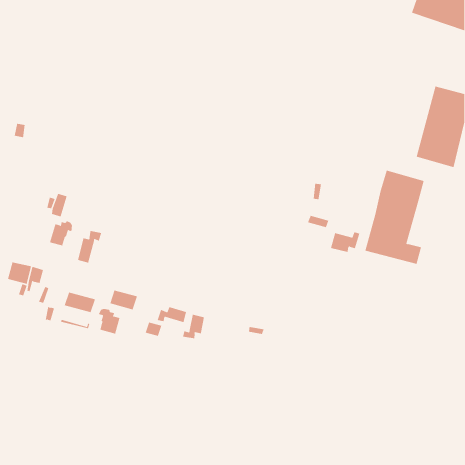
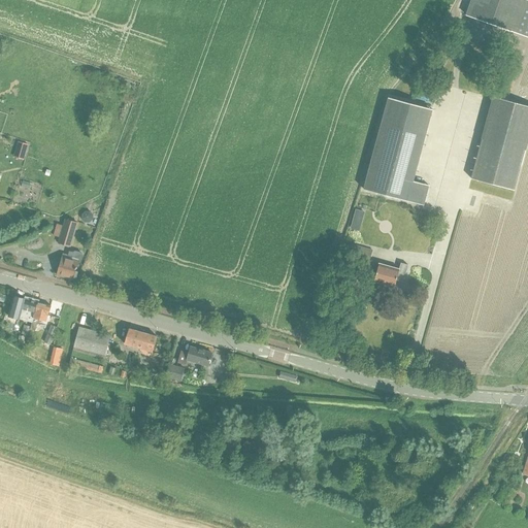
building: [364,170,425,265] -> [363,97,431,204]
building: [77,230,102,264] -> none
building: [98,308,120,335] -> none
building: [182,314,204,339] -> none

